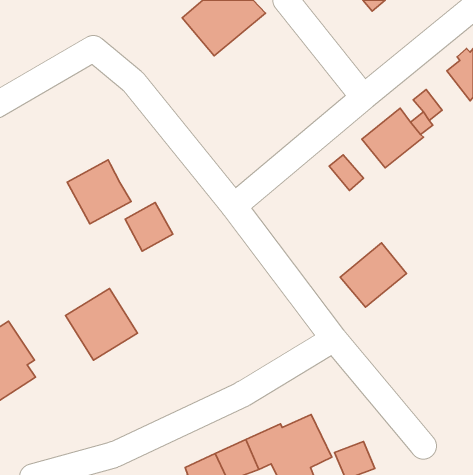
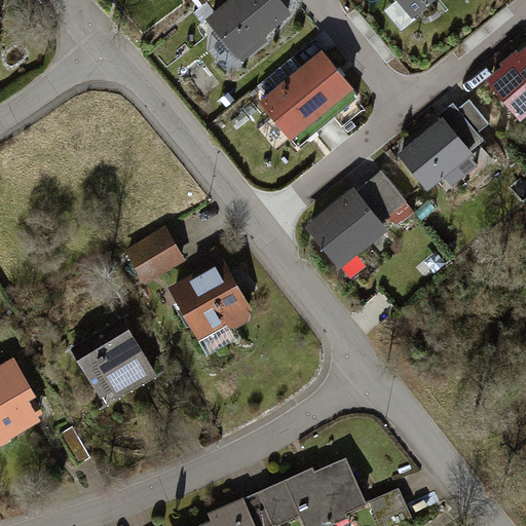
building: none -> [261,53,358,147]
building: [67,160,131,224] -> none
building: none -> [172,259,253,340]
building: [340,243,407,307] -> [306,193,379,264]

